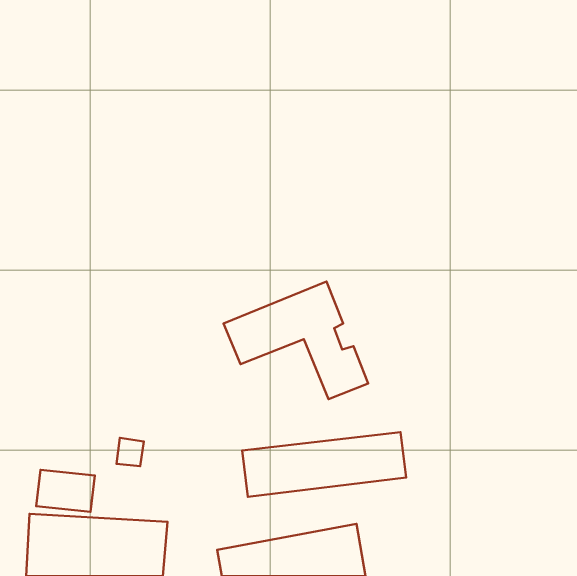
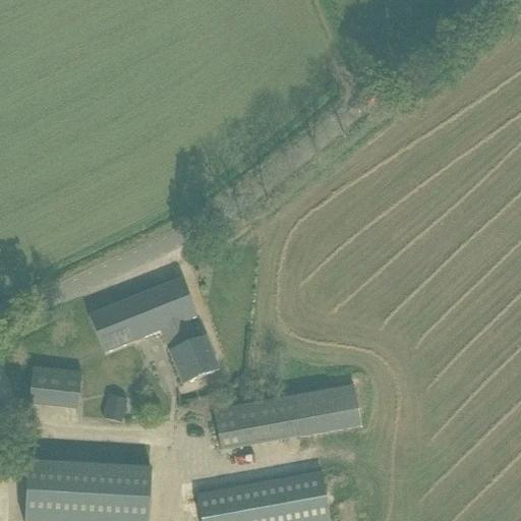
building: [223,282,368,399] -> [88,279,218,385]
building: [36,470,95,512] -> [27,368,80,406]

